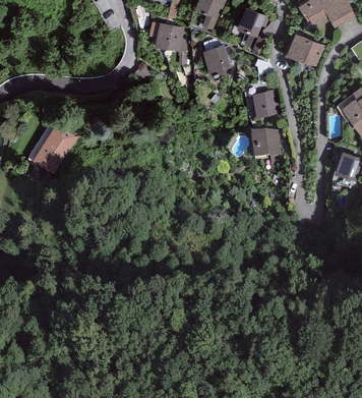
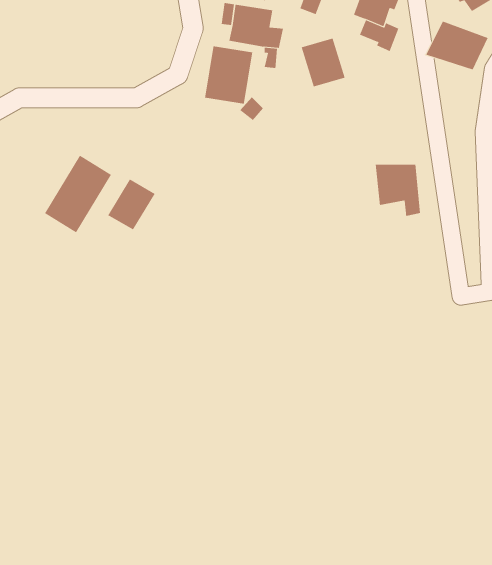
building: none -> [204,46,253,105]
building: [251,89,280,119] -> none
building: none -> [107,179,156,230]

